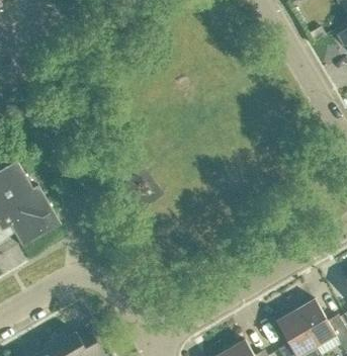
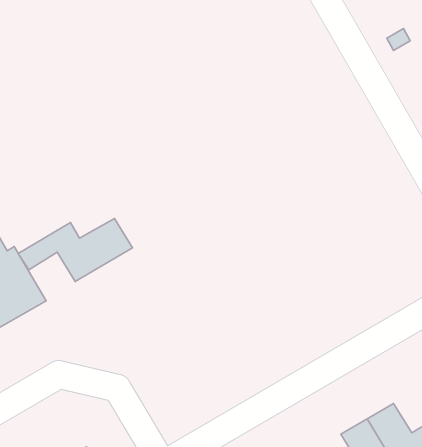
building: none -> [18,218,133,282]

